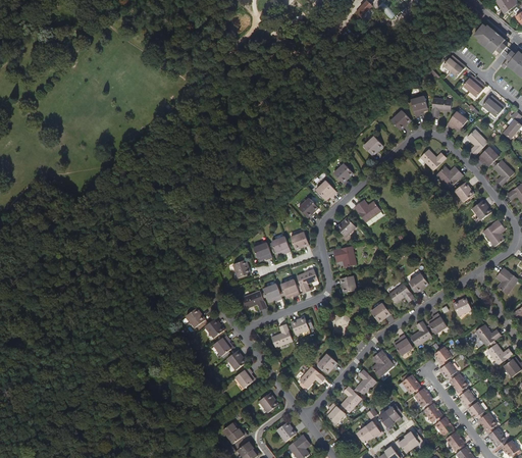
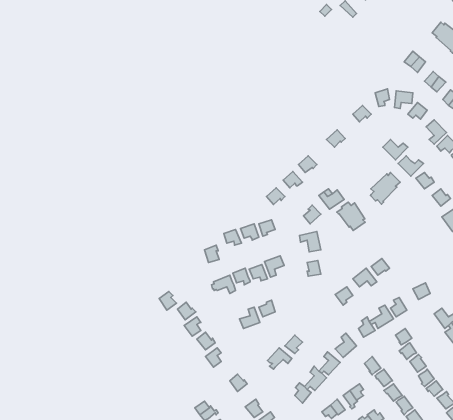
building: none -> [370,172,400,204]
building: none -> [337,202,365,231]

